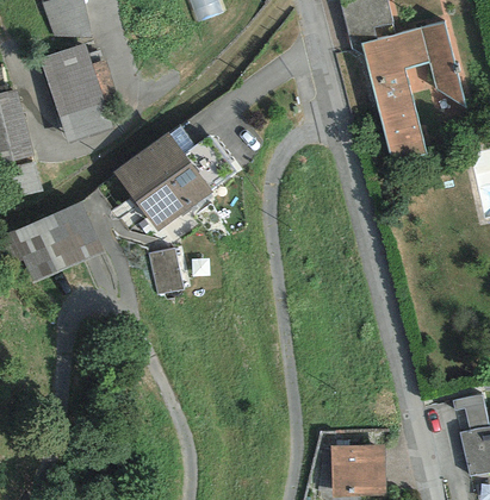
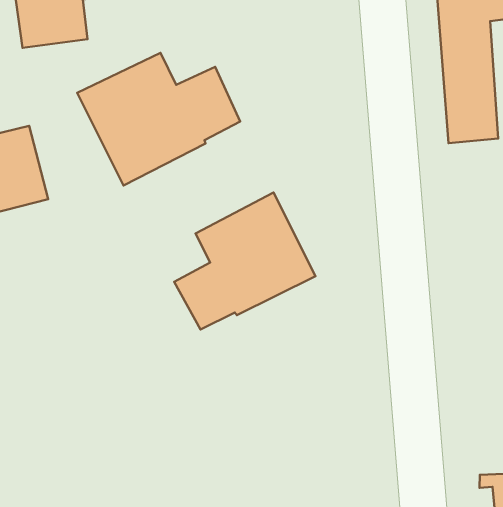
building: none -> [174,193,315,330]
building: [149,248,182,294] -> none

